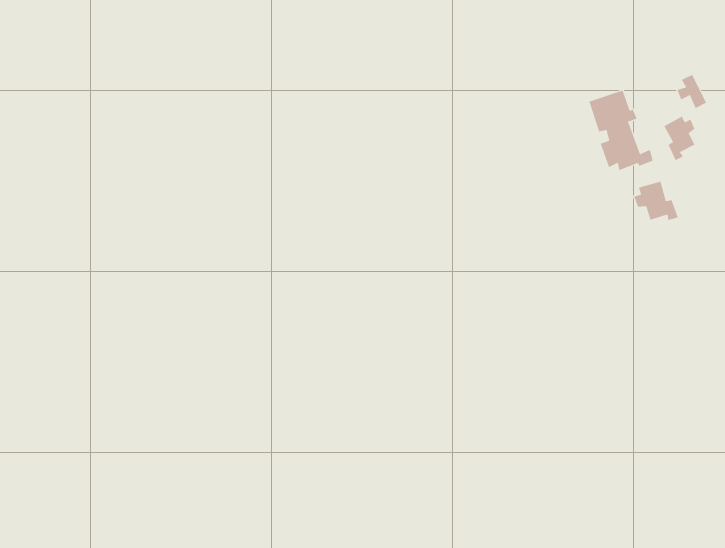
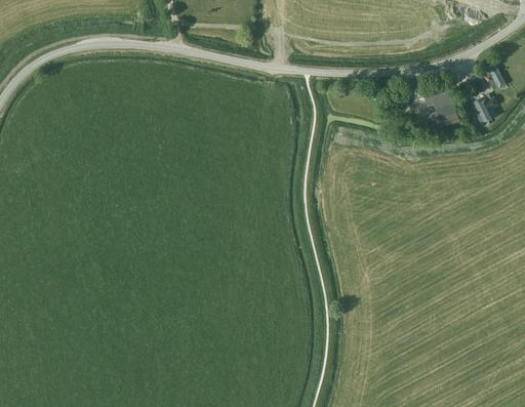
building: [634,181,678,221] -> none

